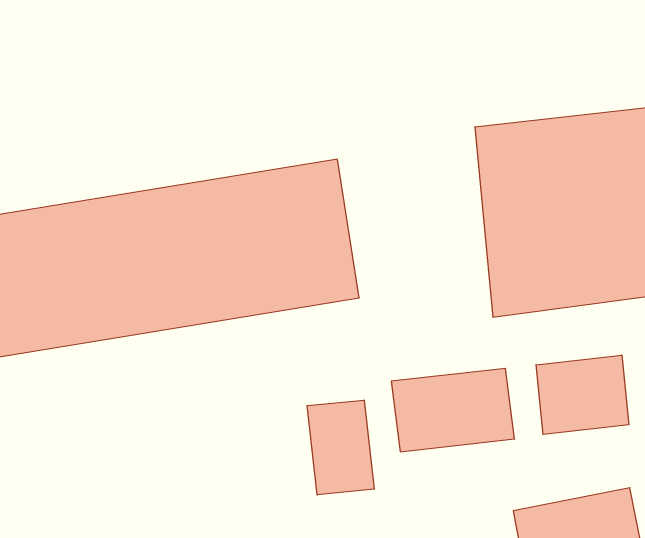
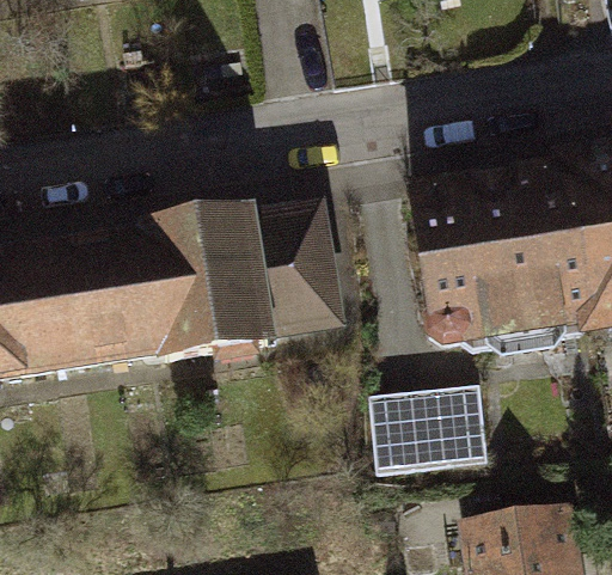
building: [536,355,629,434] -> none
building: [307,400,374,495] -> none

